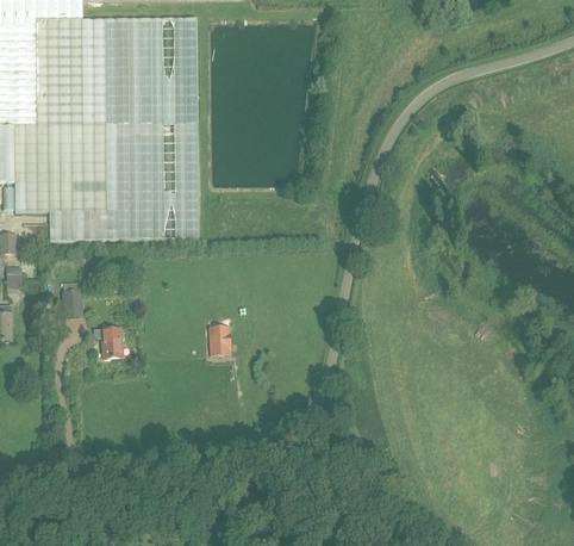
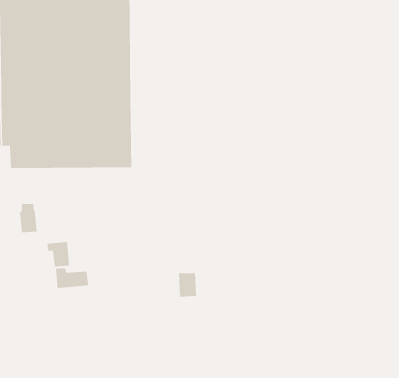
building: [208,325,231,355] -> [178,273,197,297]
building: none -> [55,267,89,289]

